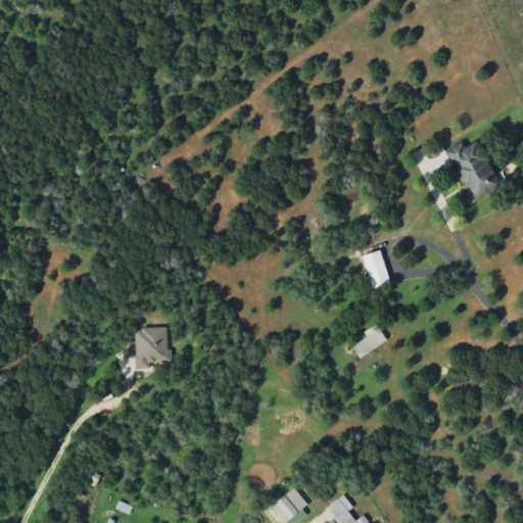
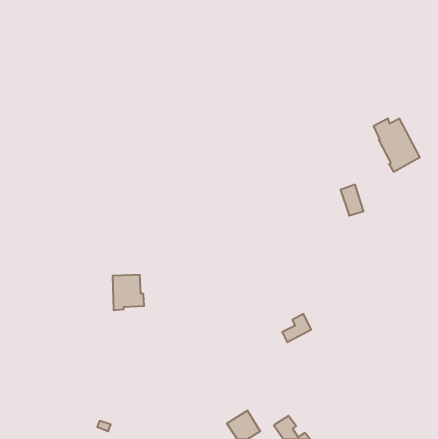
building: [363,249,390,286] -> [340,185,364,216]
building: [352,323,387,356] -> [282,314,311,342]

